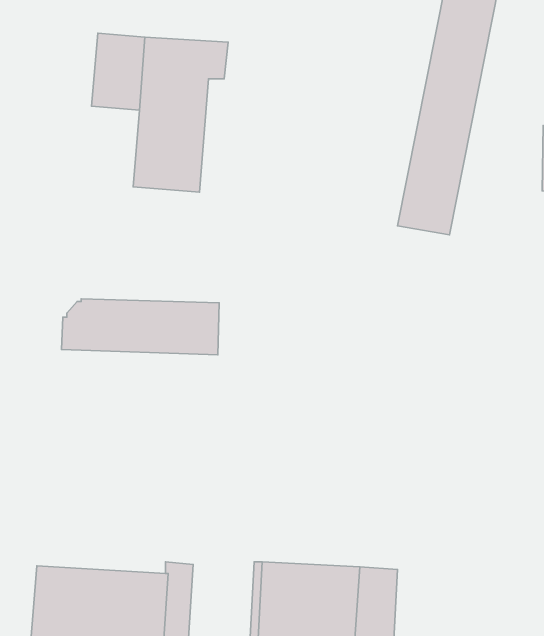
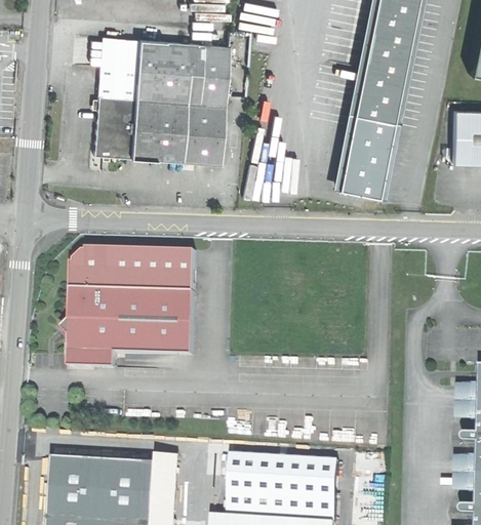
building: none -> [182,44,227,164]
building: none -> [91,94,134,158]
building: none -> [71,286,196,367]

